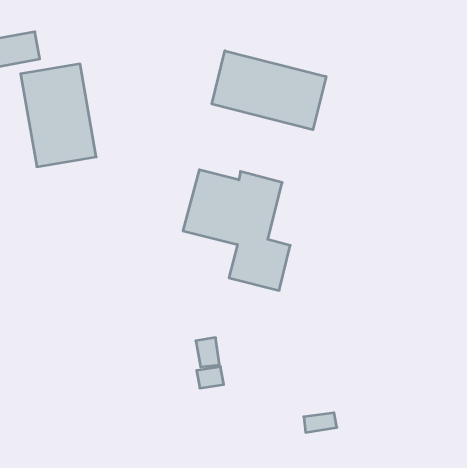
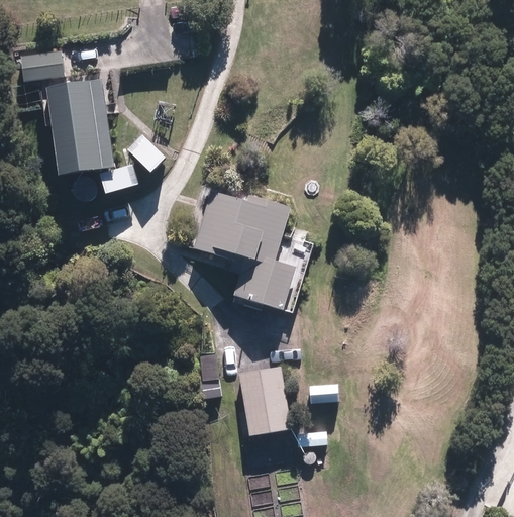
building: [212,51,326,130] -> none
building: none -> [238,367,293,437]

